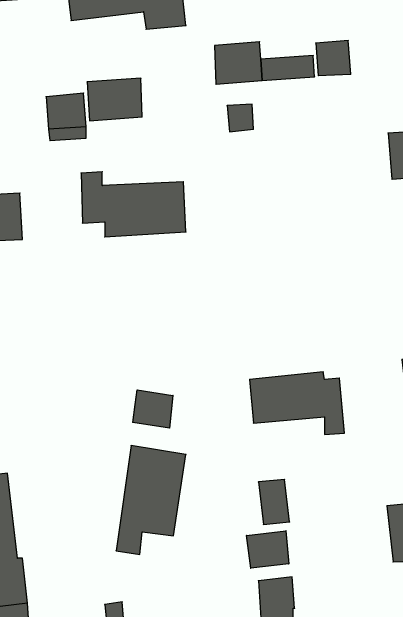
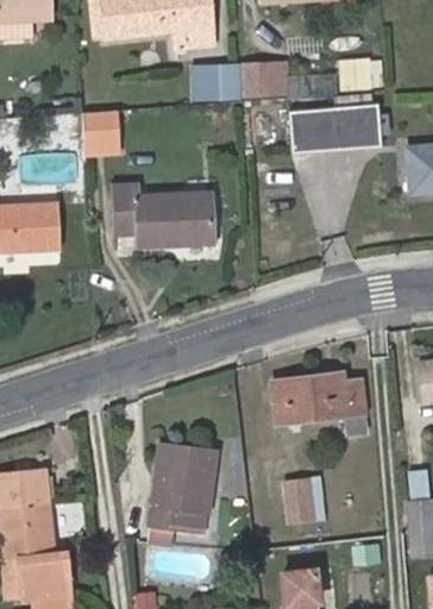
building: [87,78,142,121] -> [192,63,244,103]
building: none -> [290,105,382,152]
building: [133,390,173,428] -> none
building: [247,531,289,568] -> none

